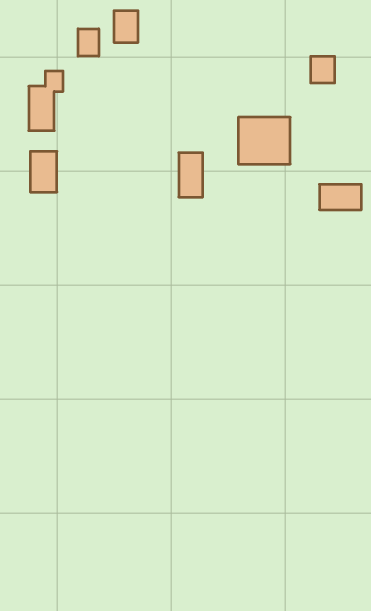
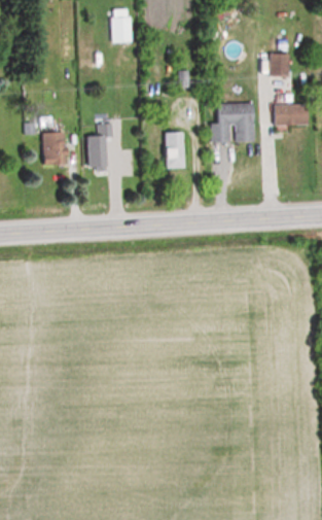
building: [78,29,99,56] -> none
building: [29,71,63,131] -> [88,123,116,171]
building: [319,184,361,210] -> [274,104,308,125]

